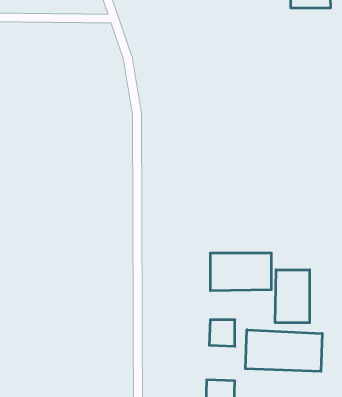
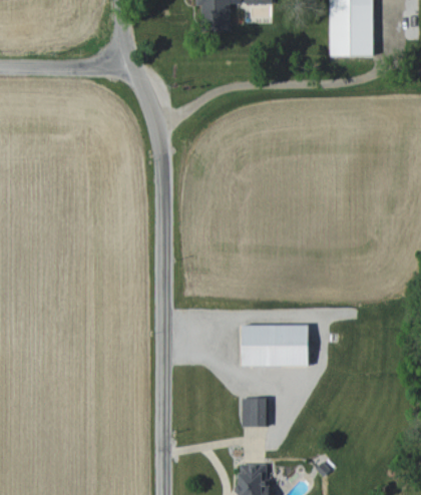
building: [275,270,310,323] -> none
building: [245,330,322,371] -> none

